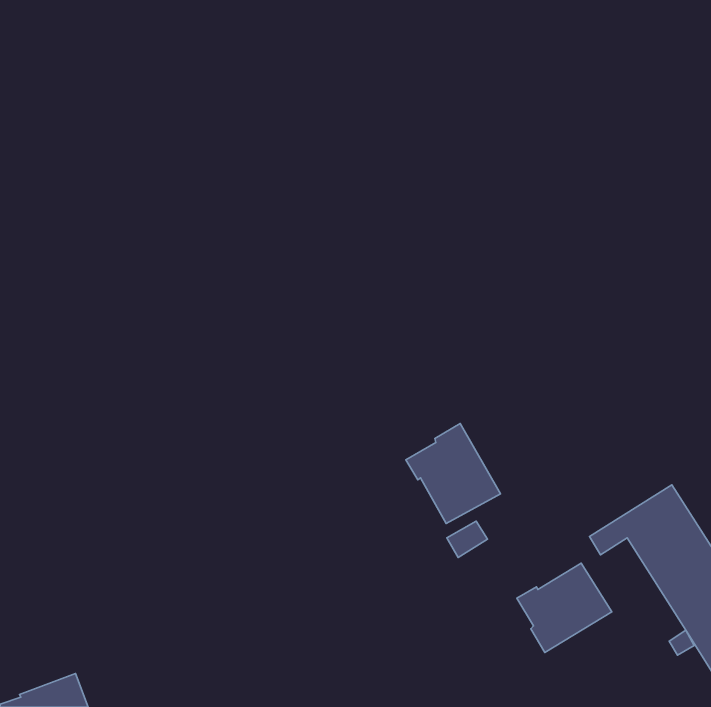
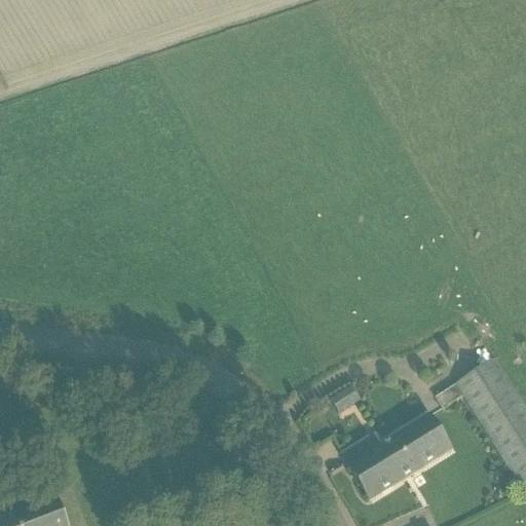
building: [406,424,500,523] -> none
building: none -> [343,436,403,498]

